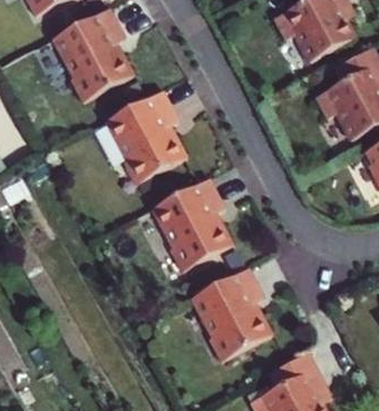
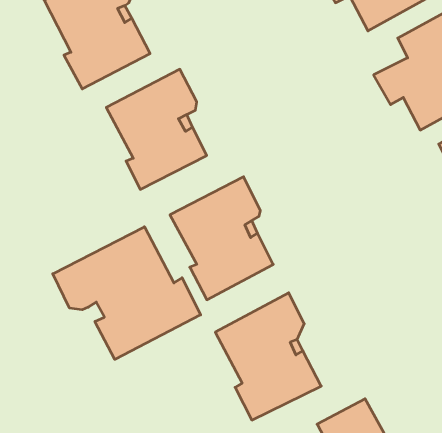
building: none -> [53,227,201,359]

